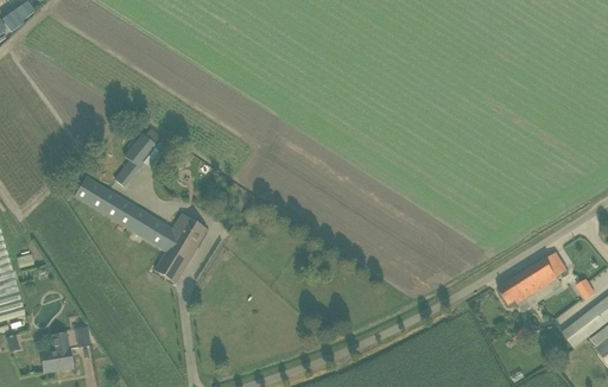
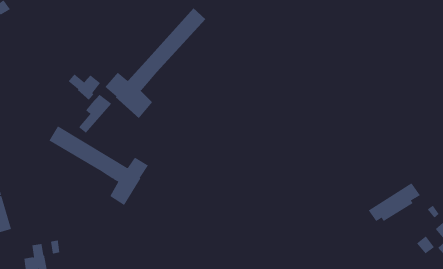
building: none -> [105,7,206,119]
building: none -> [68,74,101,100]

